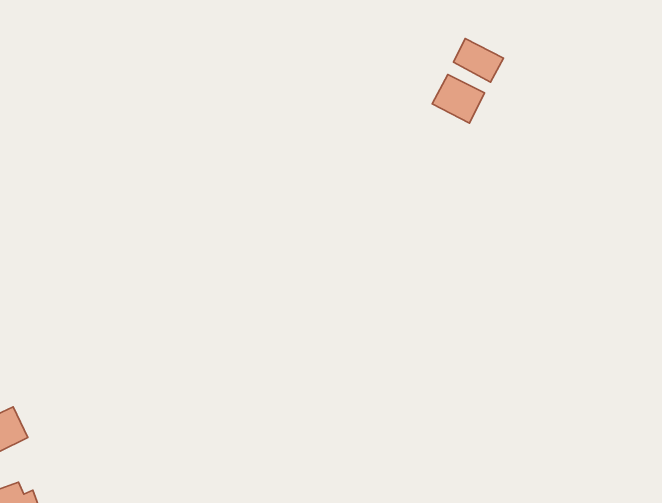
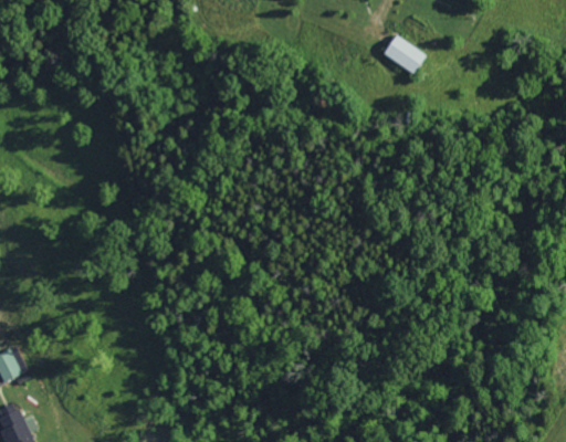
building: [432,75,485,123] -> none

